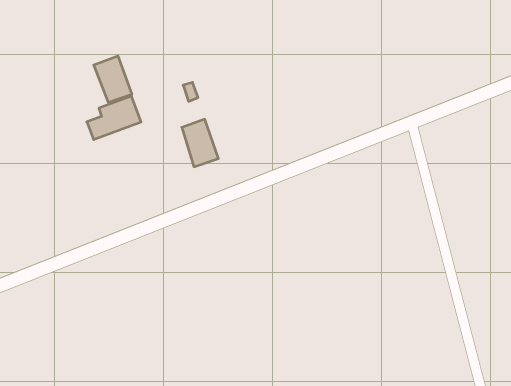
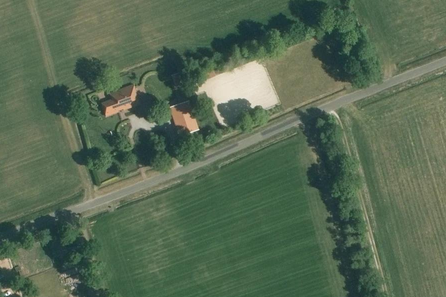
building: [94,56,132,103] -> none

